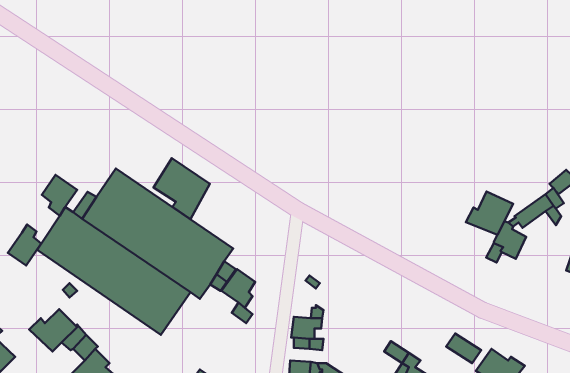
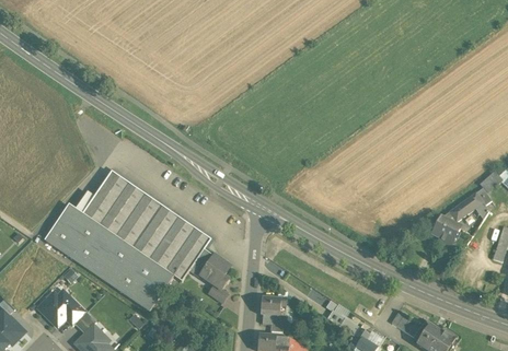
building: [153,158,210,219] -> none
building: [42,175,77,216] -> none
building: [466,192,513,235] -> none
building: [8,225,41,265] -> none

